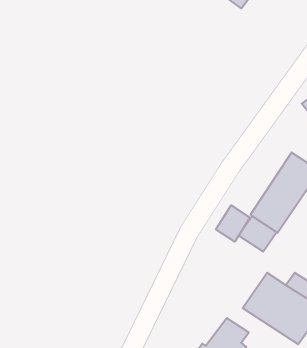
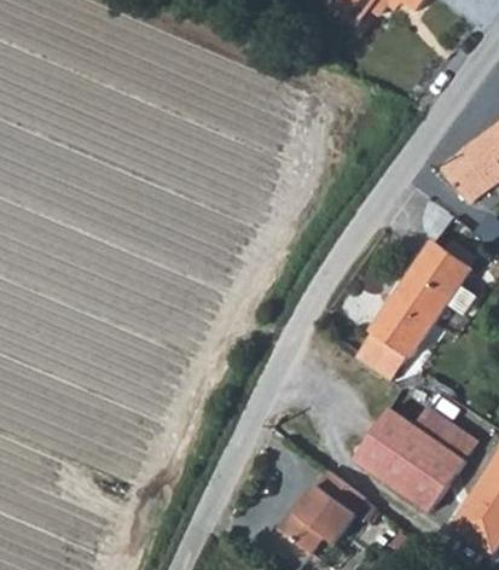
building: [216,205,250,242] -> none

